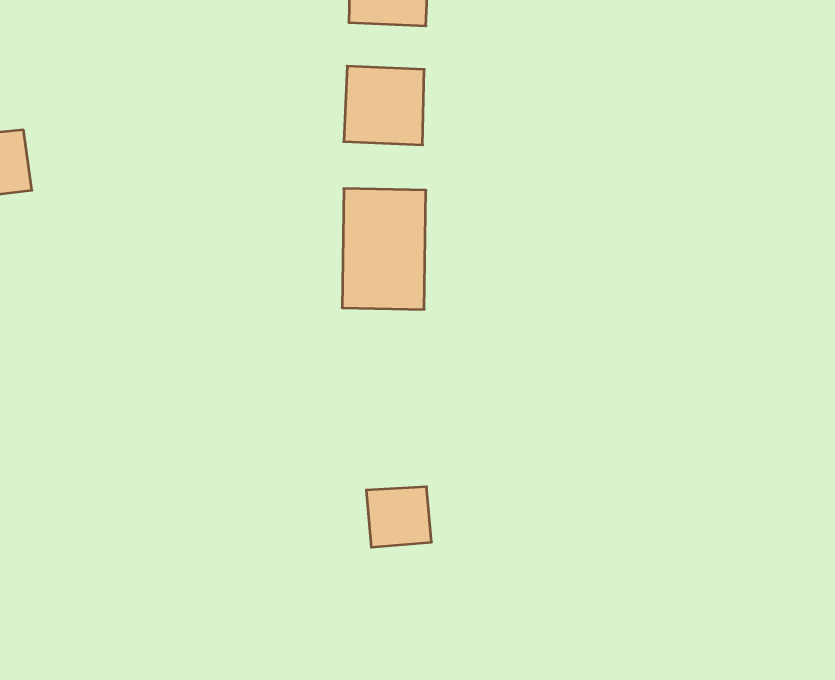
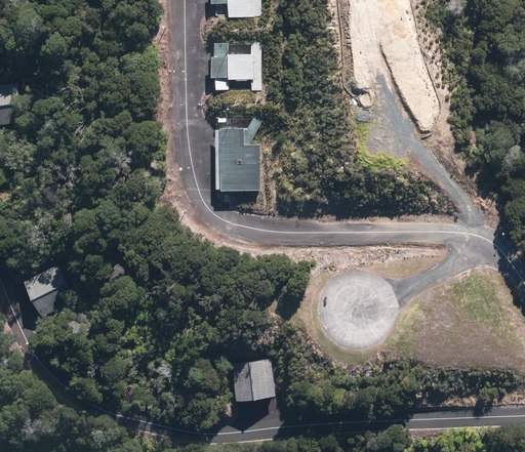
building: none -> [25,268,69,313]
building: [366,487,432,547] -> [229,359,269,396]

